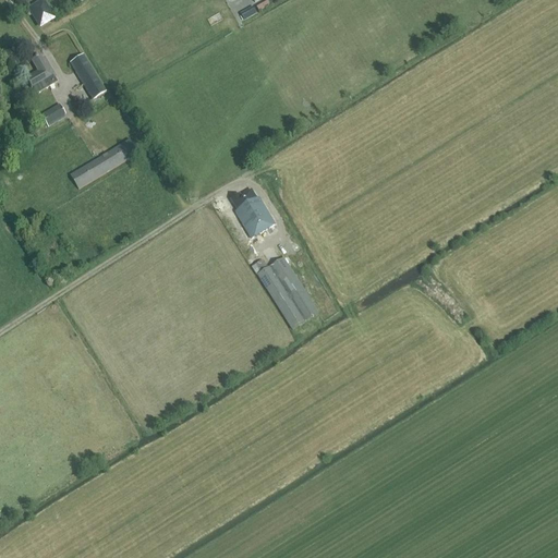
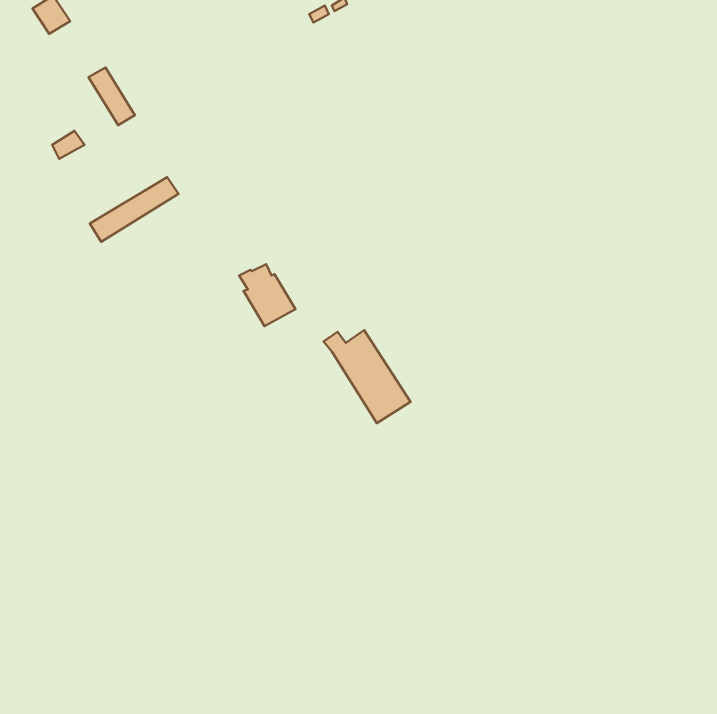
building: [25,53,57,93] -> none
building: [231,189,275,236] -> [239,264,296,326]

